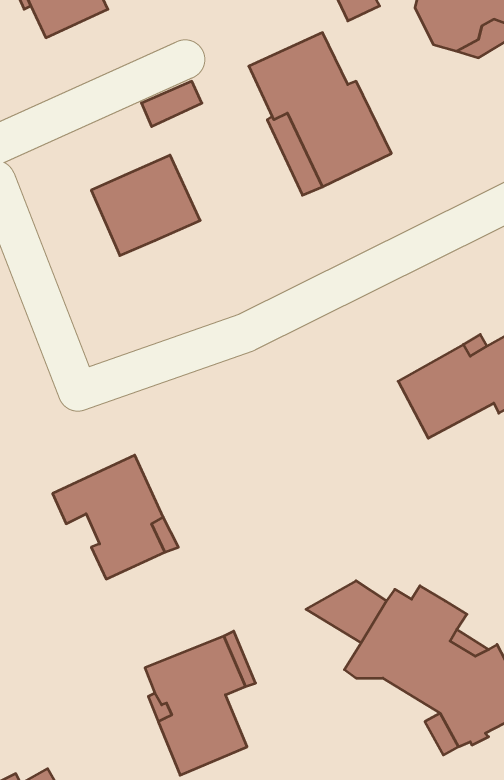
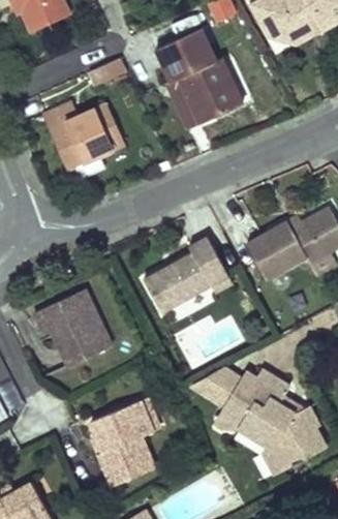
building: none -> [43,101,100,177]
building: none -> [143,236,226,312]

